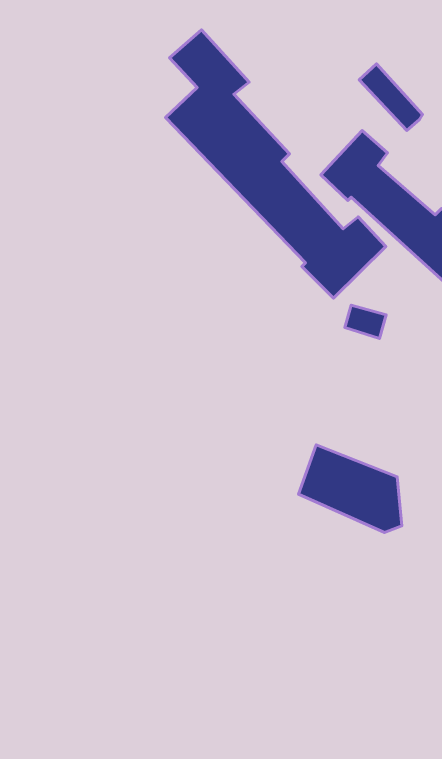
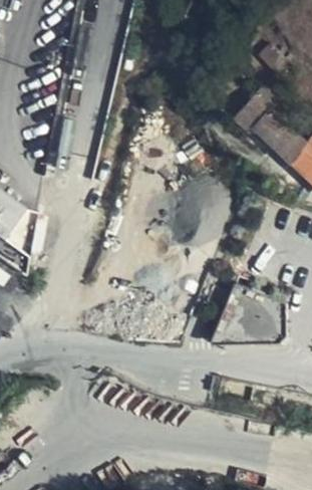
building: [165,30,386,298] -> none

